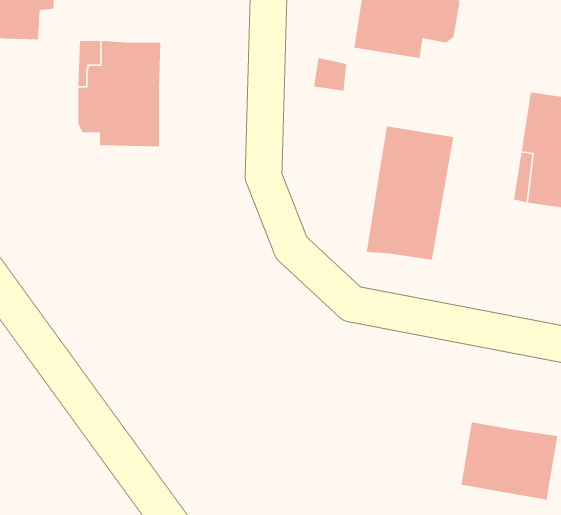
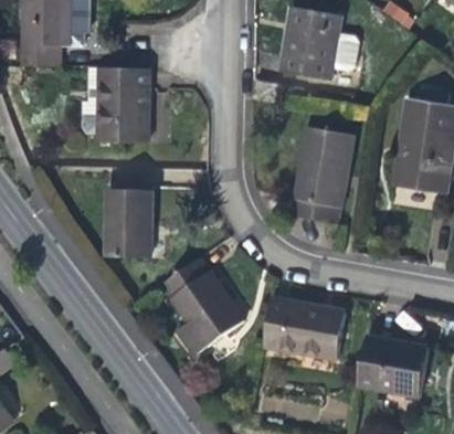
building: none -> [107,190,151,257]
building: none -> [160,258,242,357]
building: none -> [264,301,344,356]

